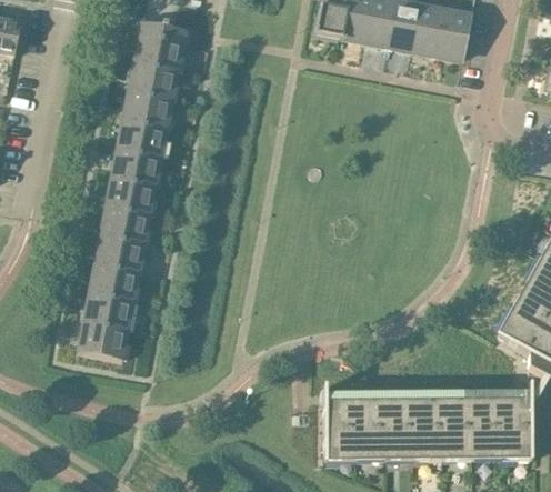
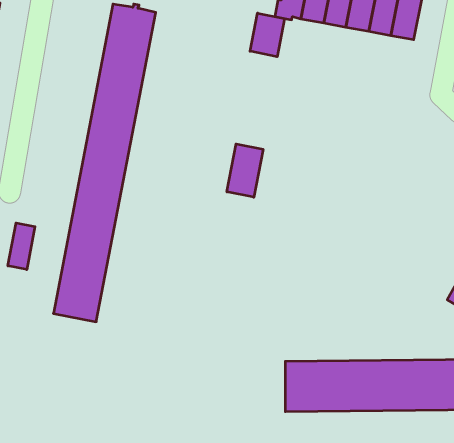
building: none -> [250,13,284,57]
building: none -> [227,144,263,197]
building: none -> [8,223,35,270]

